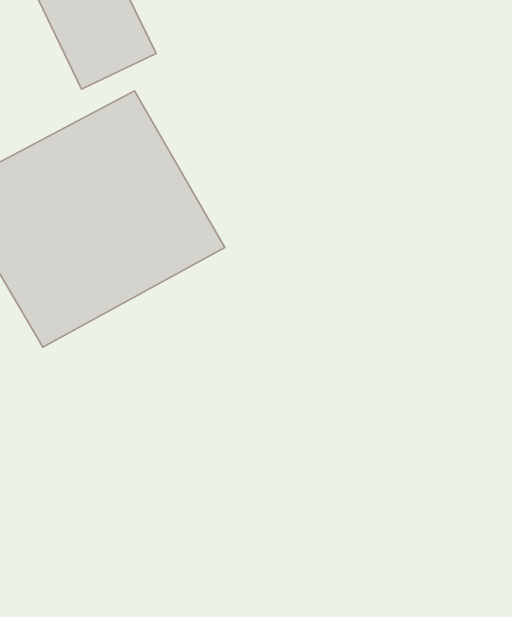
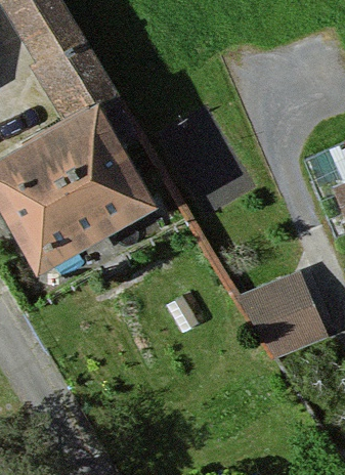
building: none -> [250,278,324,358]

